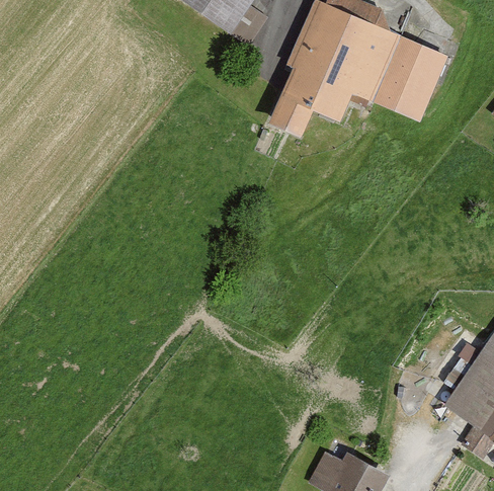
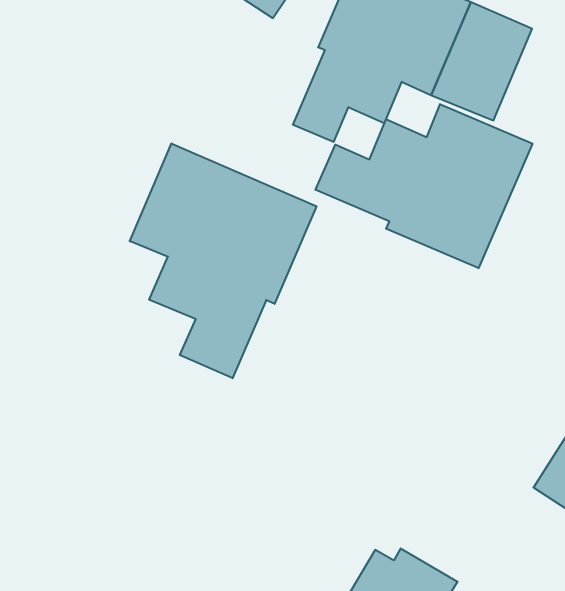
building: none -> [316,104,532,268]
building: none -> [130,143,316,378]

